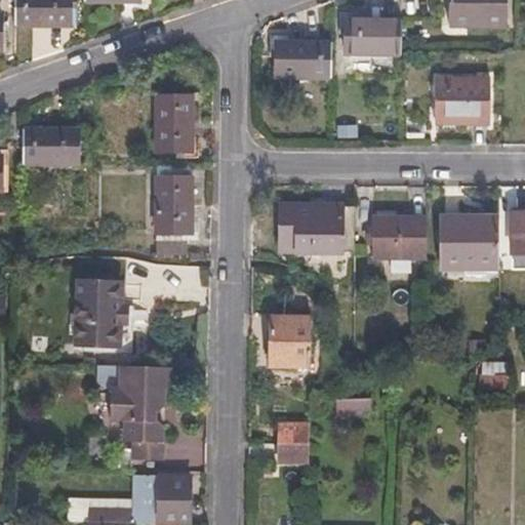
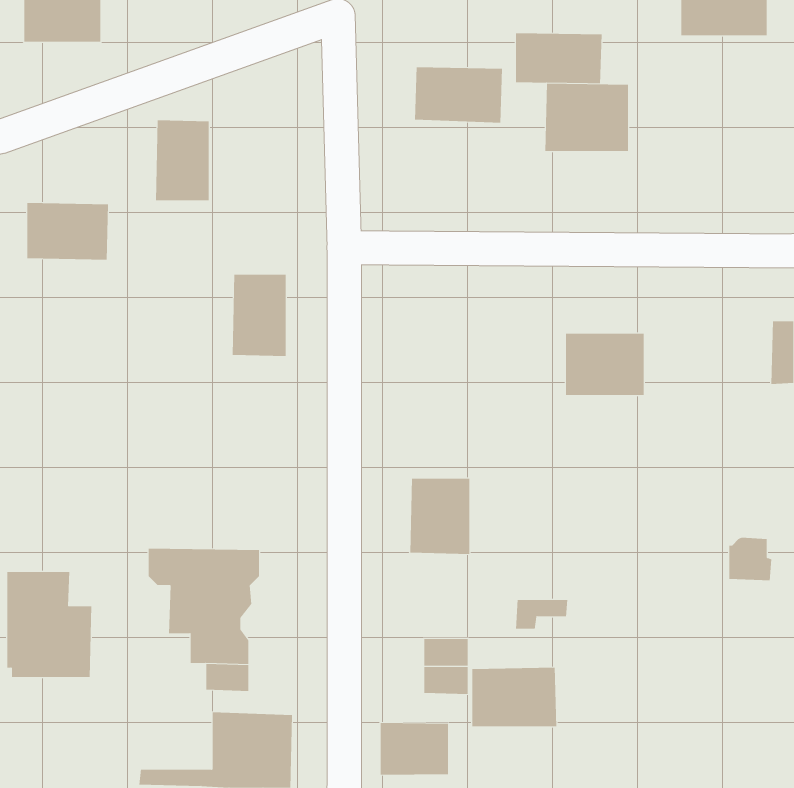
building: [433,84,488,129] -> [545,83,629,152]
building: [154,97,190,151] -> [155,120,210,201]
building: [276,204,352,249] -> none
building: [442,219,496,261] -> none
building: [76,280,132,350] -> [6,572,92,677]
building: none -> [472,667,557,727]
building: none -> [380,722,448,775]

